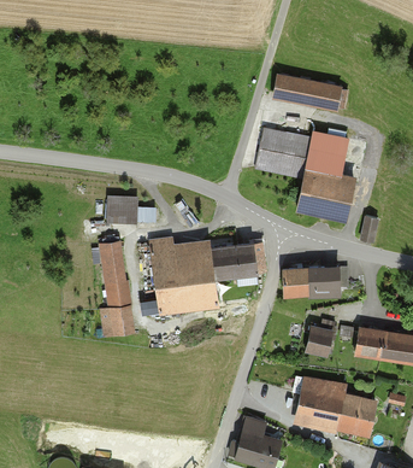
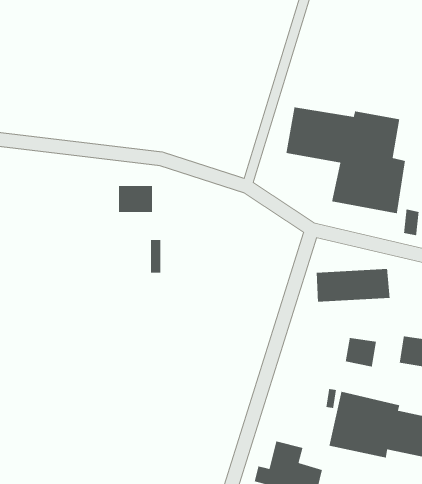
building: [272,76,344,109] -> none
building: [151,239,261,314] -> none
building: [98,241,134,338] -> none

